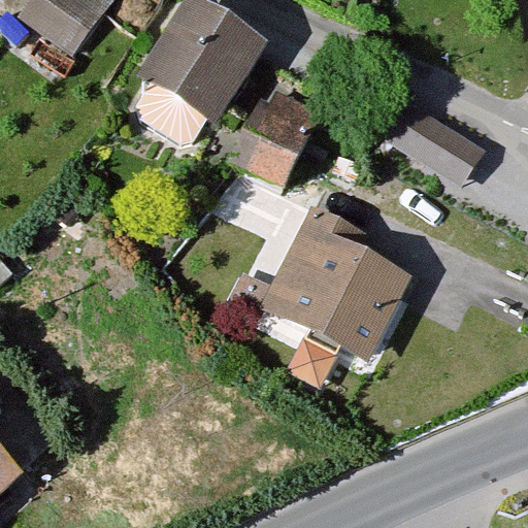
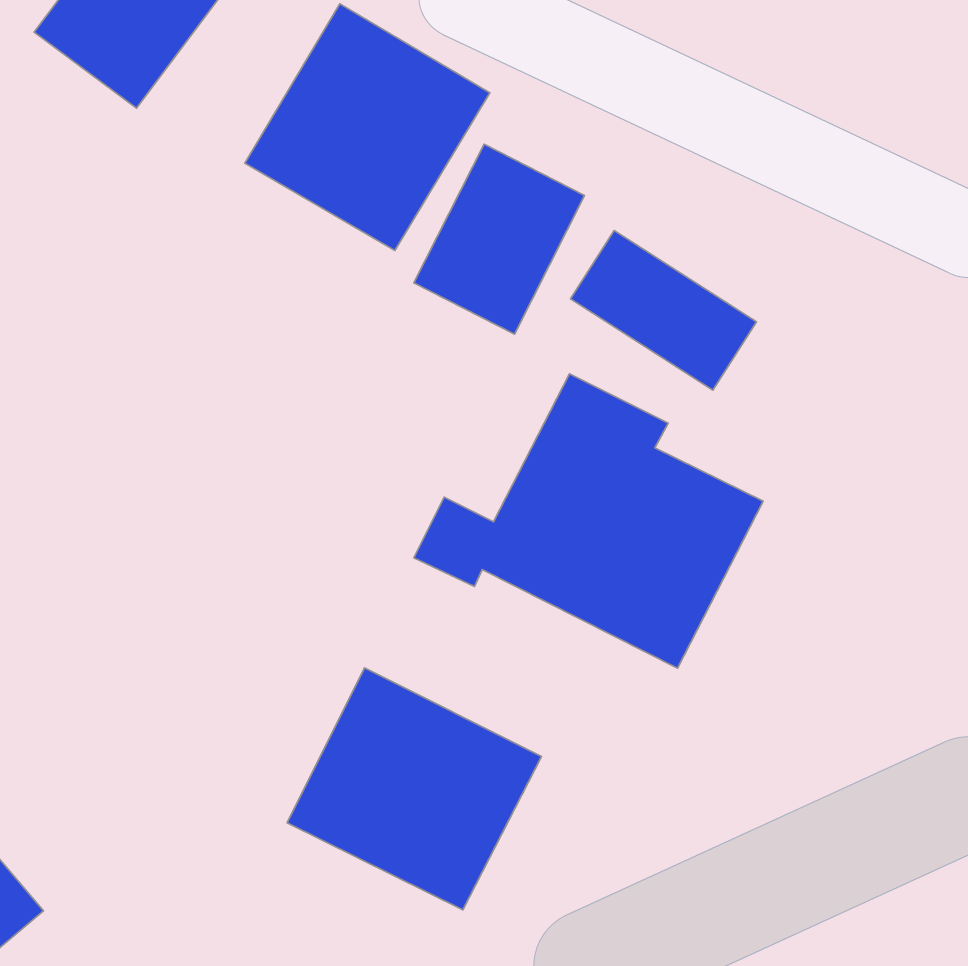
building: [382,100,483,187] -> [570,231,756,390]
building: none -> [287,668,542,910]

